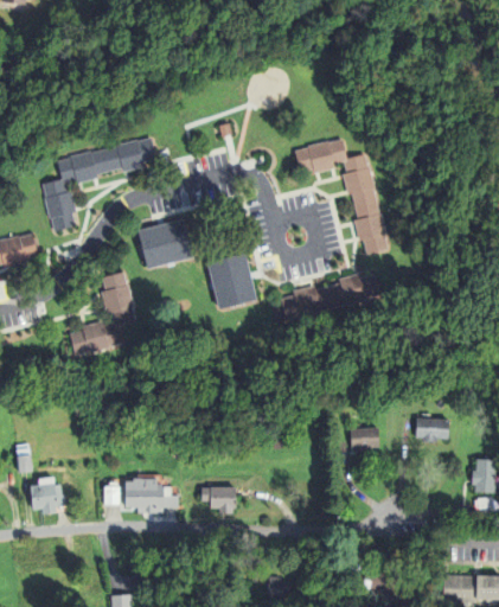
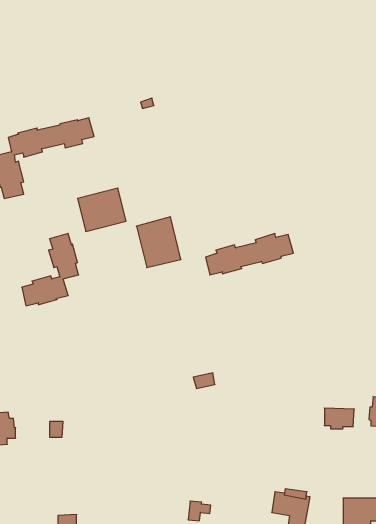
building: [294,139,388,253] -> none
building: [414,418,448,442] -> [324,408,354,429]
building: [347,428,377,452] -> none
building: [126,478,179,515] -> none
building: [201,486,237,513] -> none

